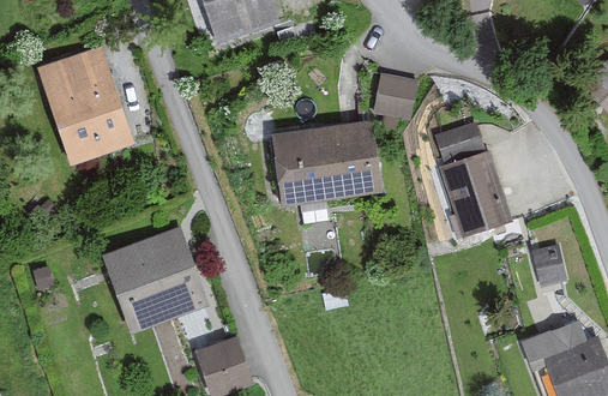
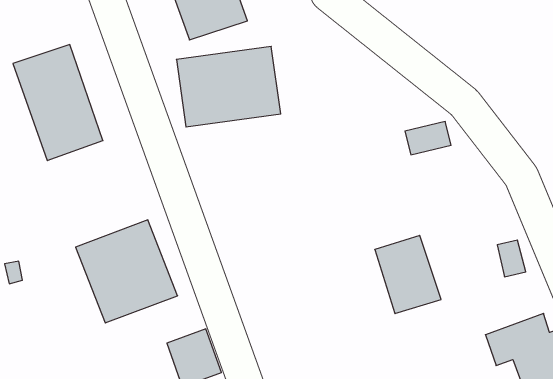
building: [373,78,415,121] -> none
building: [273,124,379,205] -> [176,46,281,127]
building: [441,155,508,234] -> [375,235,441,314]

